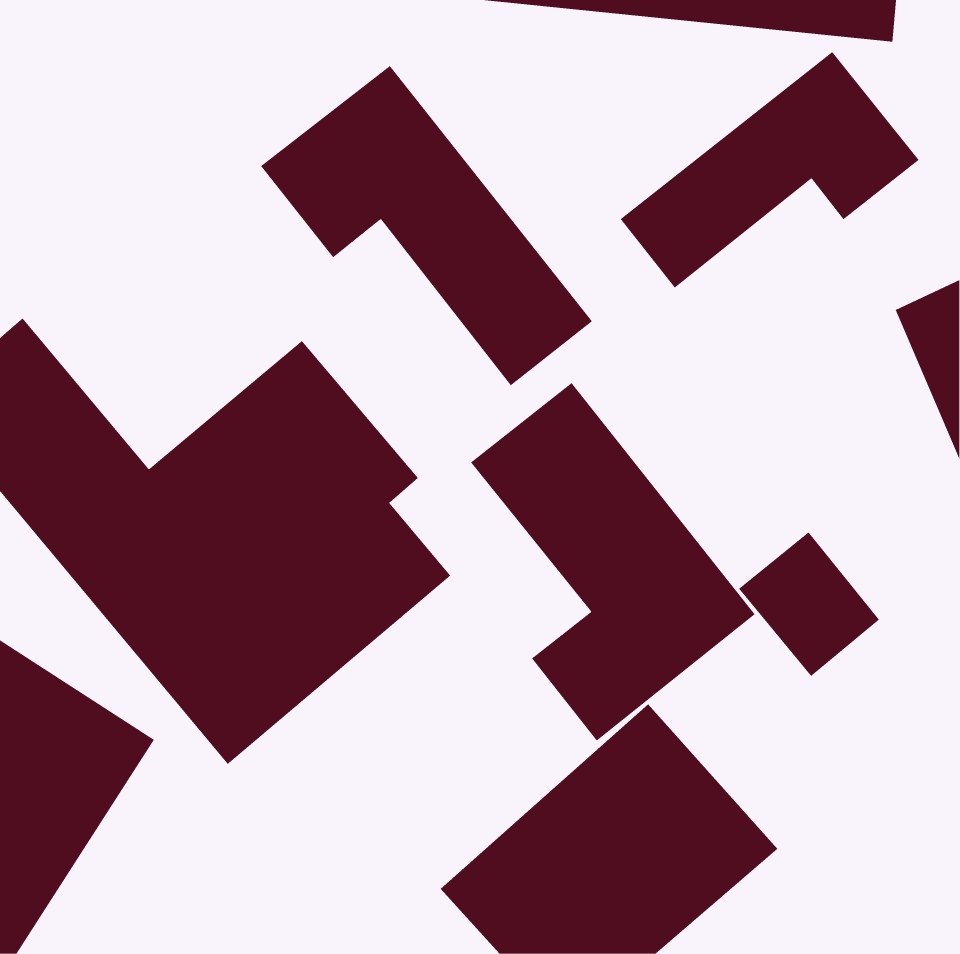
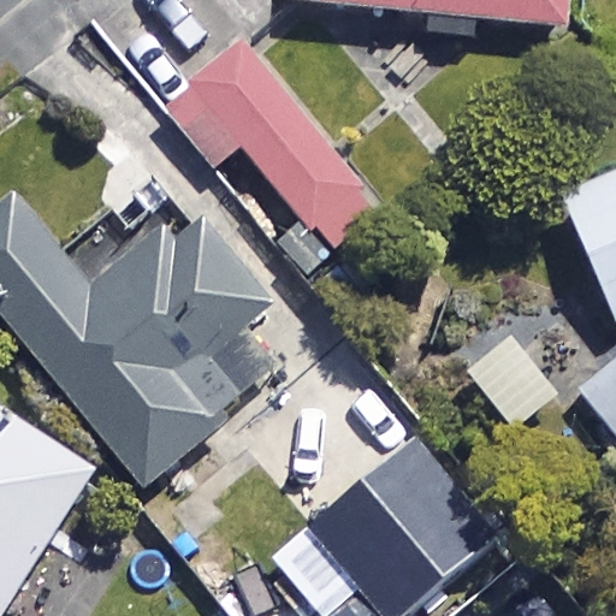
building: [620,51,920,289] -> none
building: [470,382,756,741] -> none

